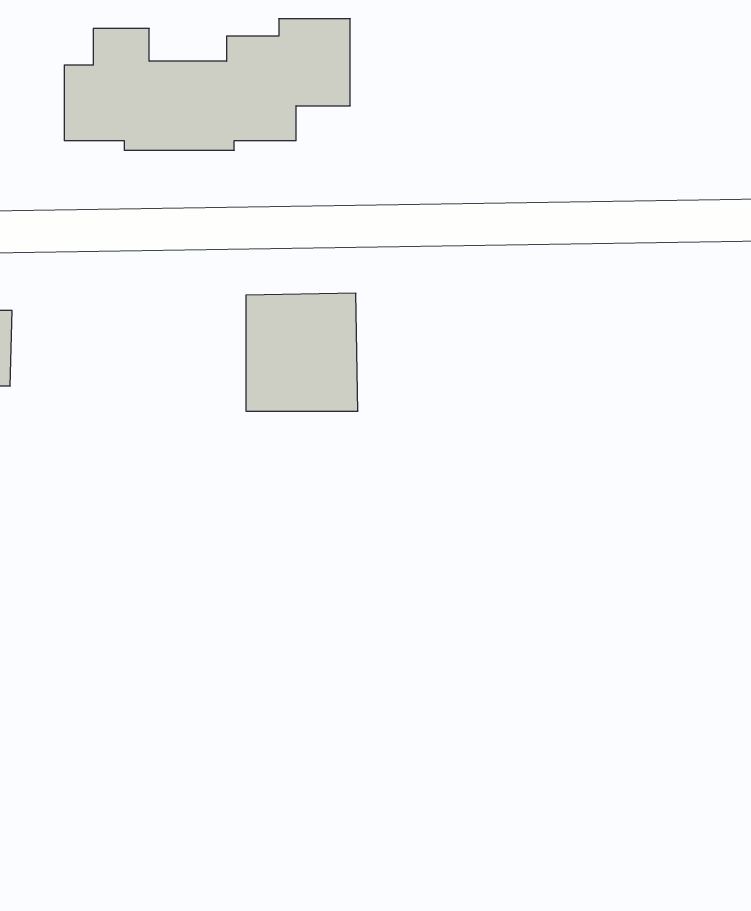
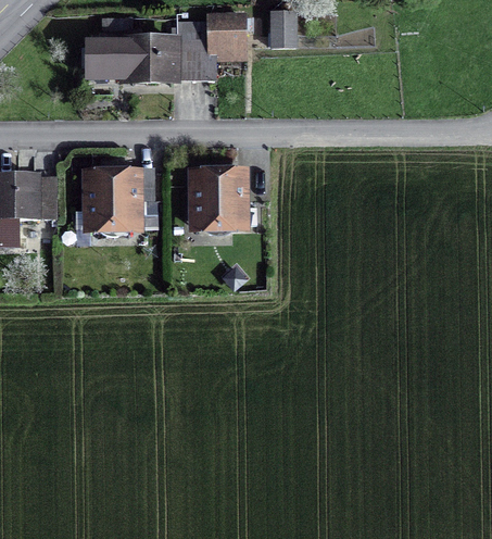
building: none -> [268,10,298,48]
building: none -> [80,166,156,234]

